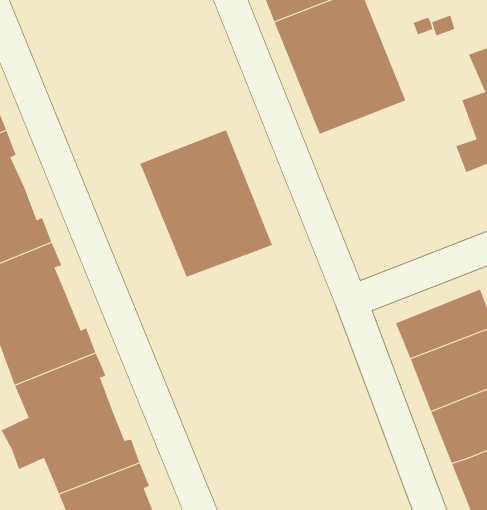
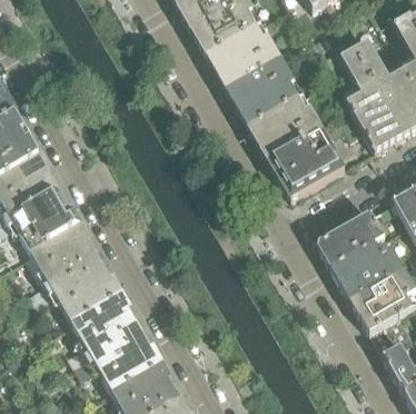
building: [139,129,273,277] -> [247,91,344,194]

